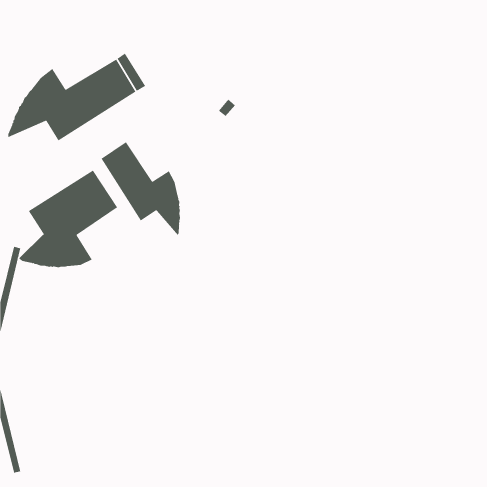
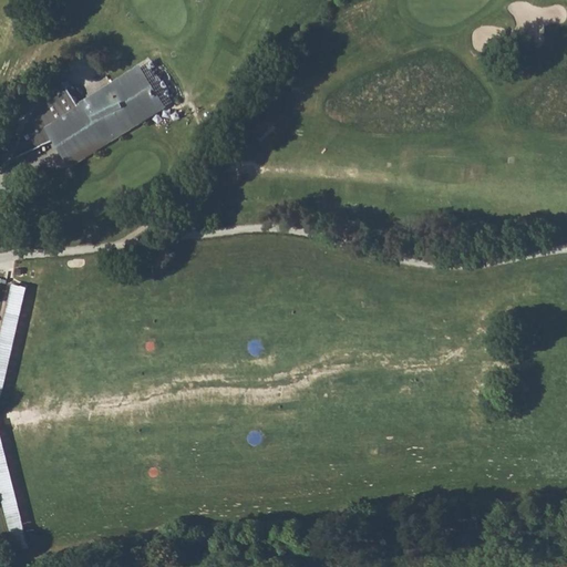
building: [101,141,181,236] -> none
building: [18,170,118,268] -> none

